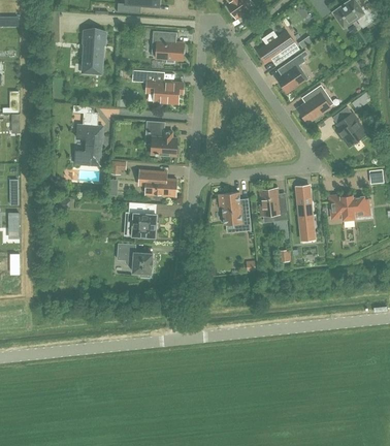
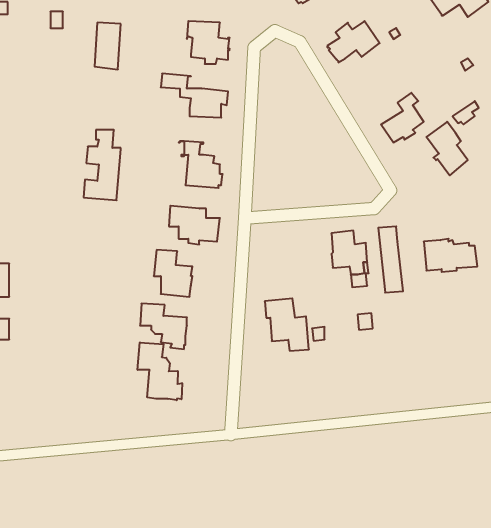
building: [277,51,307,92] -> none
building: [218,192,251,231] -> [265,298,309,351]
building: none -> [138,342,182,400]

